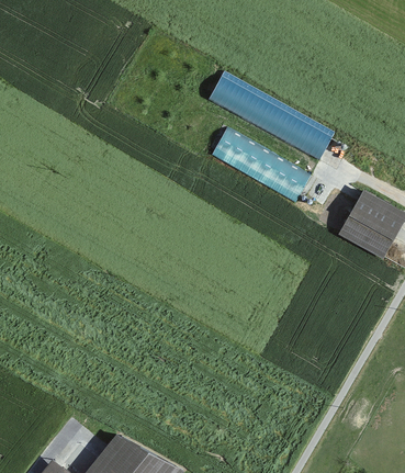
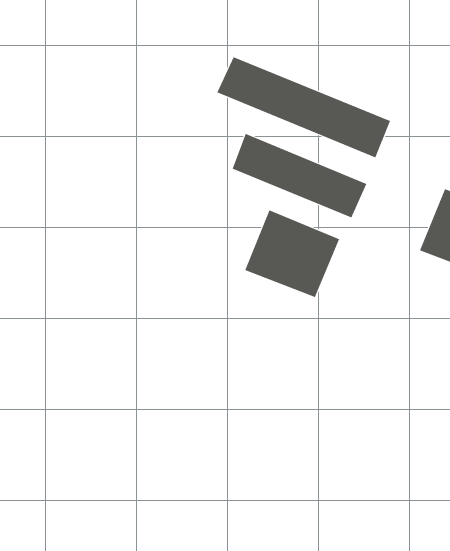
building: none -> [245,209,340,298]

